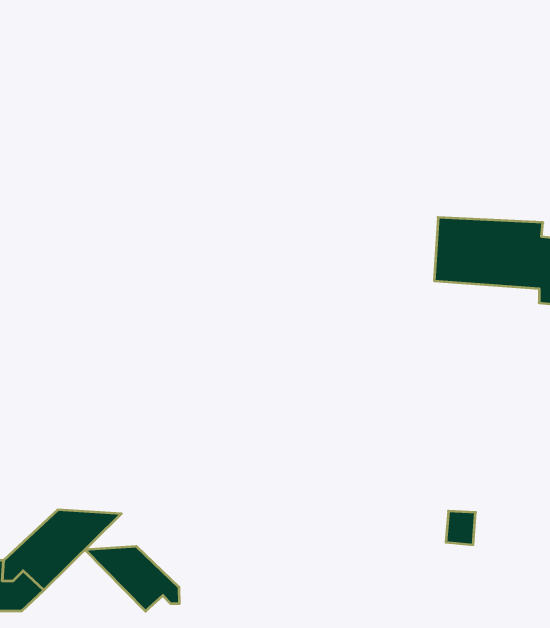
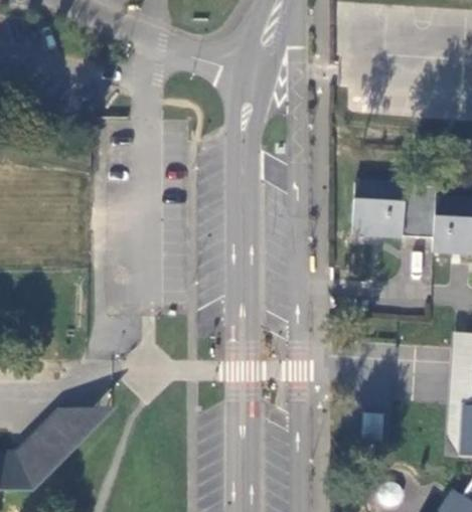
building: [85,546,179,611] -> none

